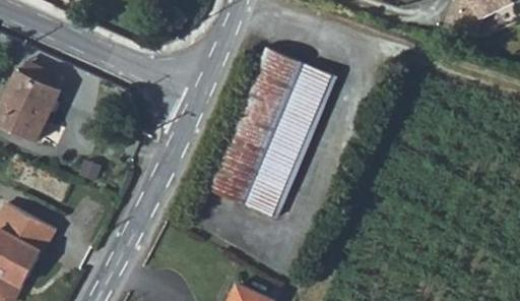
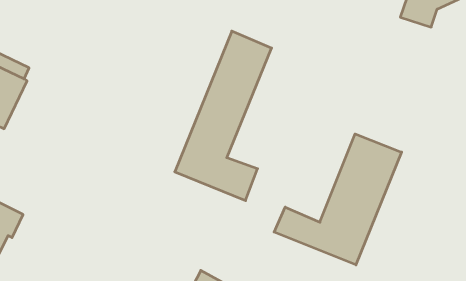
building: [261,61,337,184] -> none
building: none -> [274,134,402,265]

